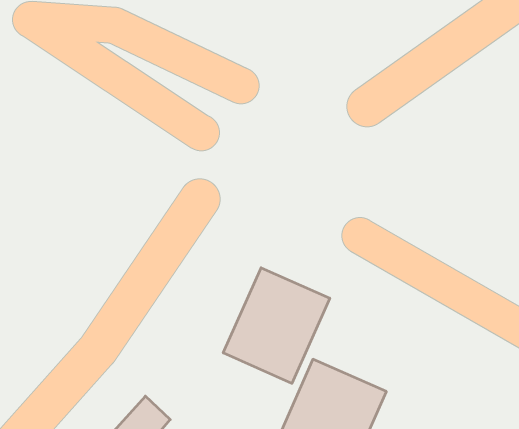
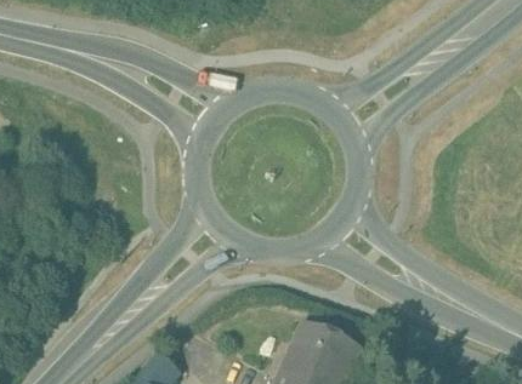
building: [223,268,330,383] -> none

